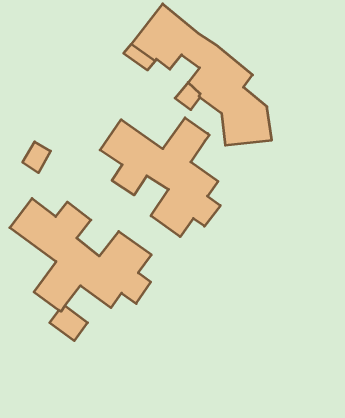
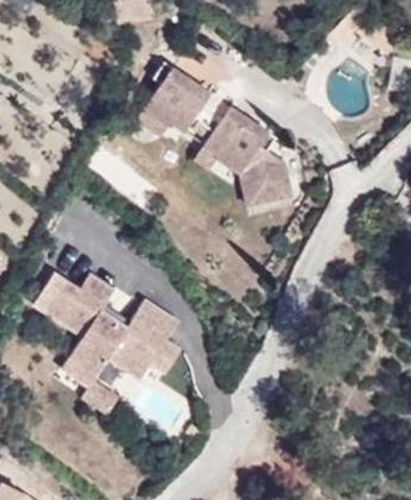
building: [100,118,220,237] -> none

